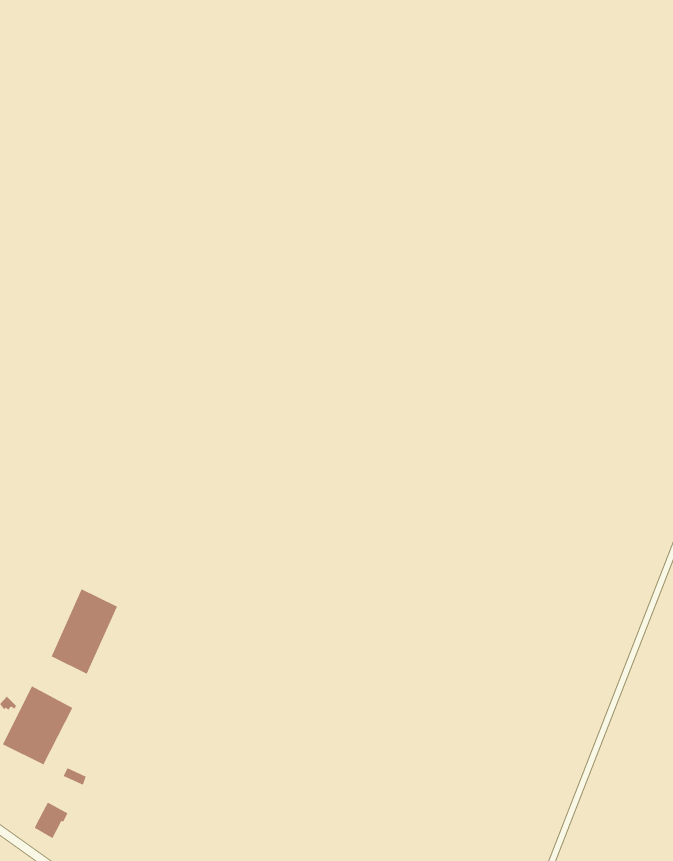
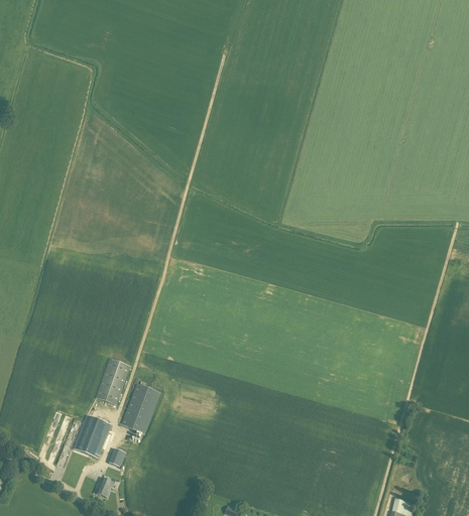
building: none -> [122,384,161,433]

